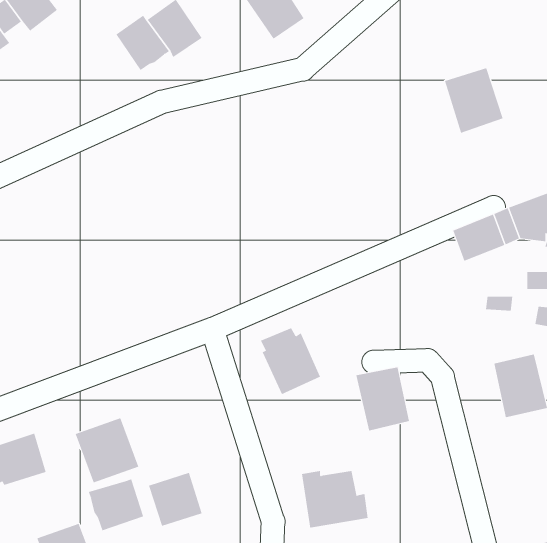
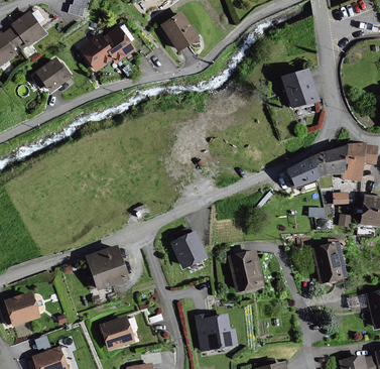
building: none -> [33,56,72,91]
building: [75,417,139,483] -> [89,246,128,286]
building: [88,478,144,531] -> none

